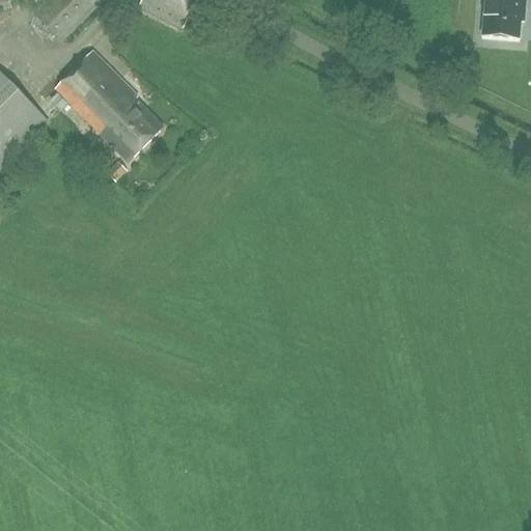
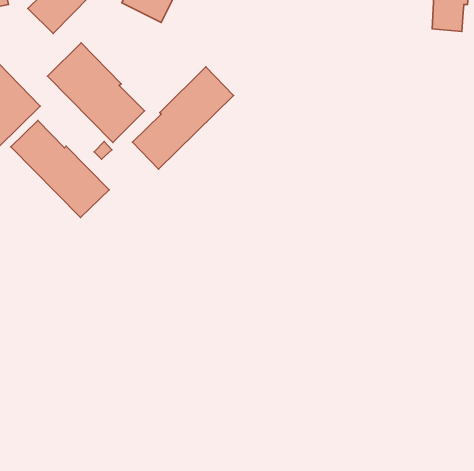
building: none -> [132,67,233,169]
building: none -> [11,121,109,218]

